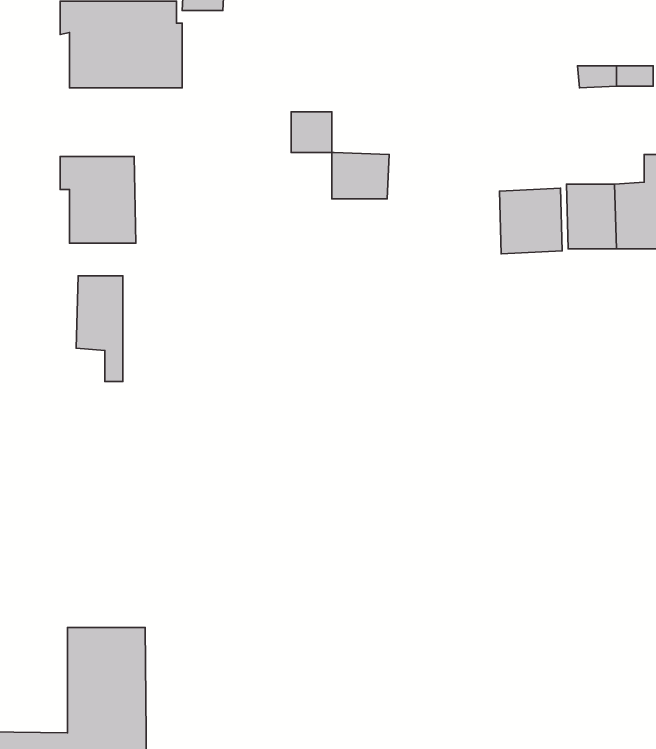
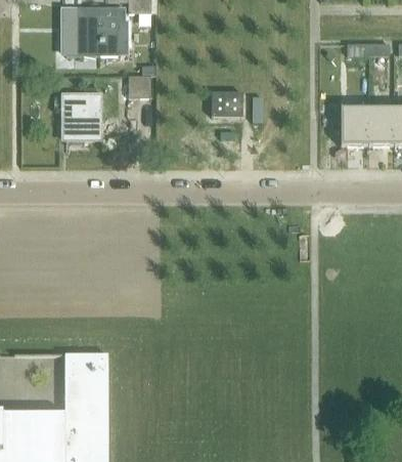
building: [291,112,332,153] -> [128,74,150,96]
building: [499,188,562,254] -> none
building: [76,276,123,381] -> none

